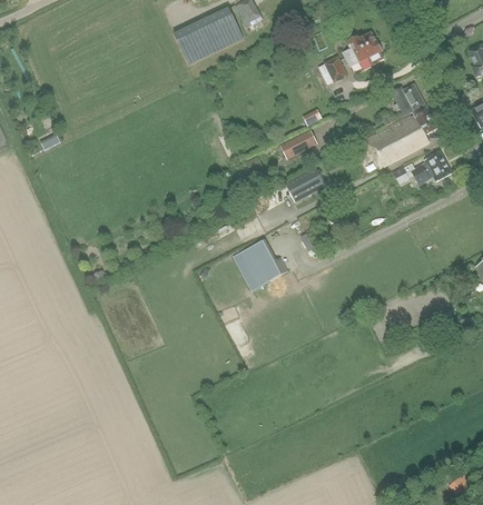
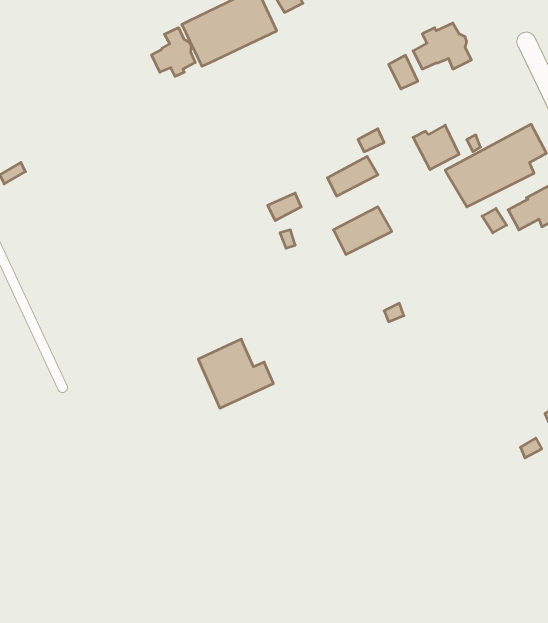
building: none -> [152,28,195,76]
building: [392,82,425,115] -> [413,125,459,170]
building: [235,238,289,288] -> [198,339,273,408]

